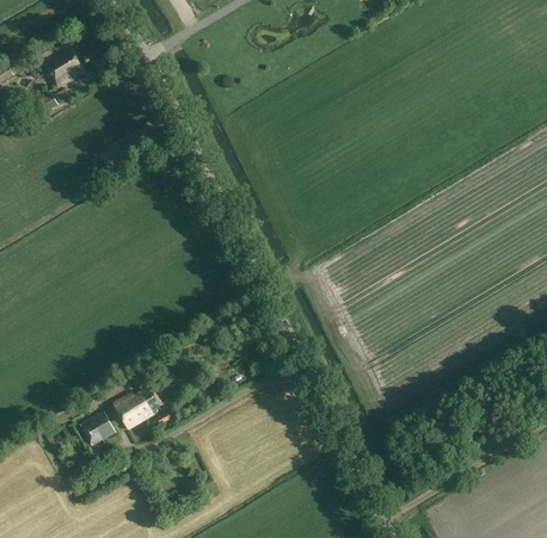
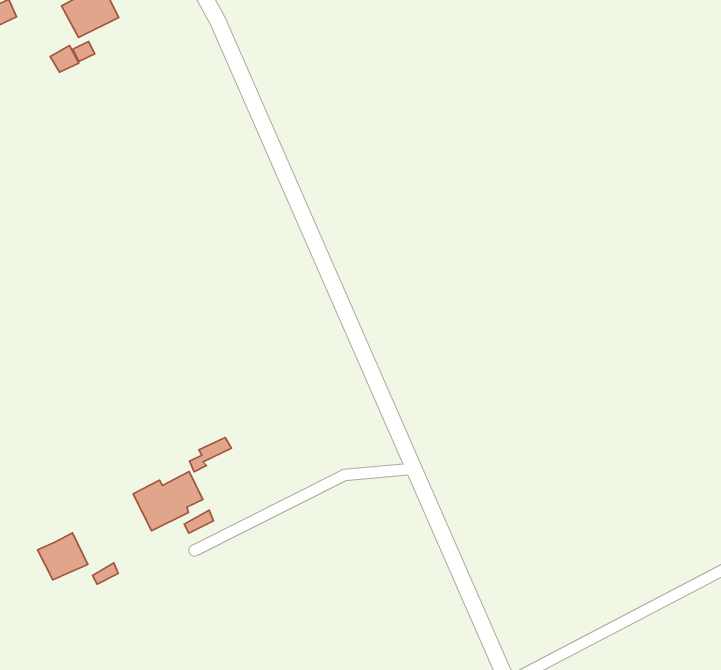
building: [80,410,116,444] -> [37,533,88,580]

